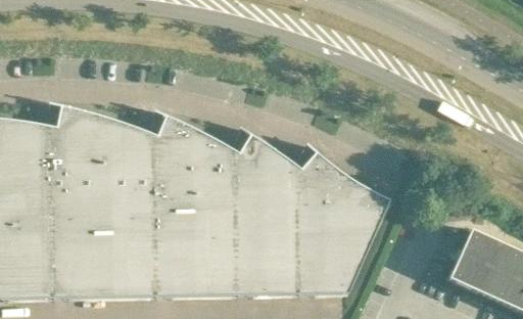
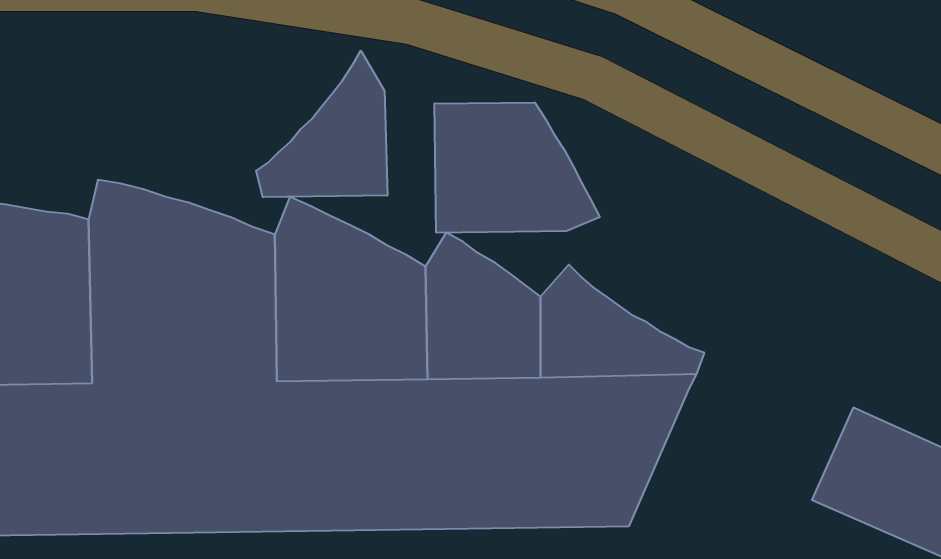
building: none -> [256,51,387,197]
building: none -> [435,102,600,233]

